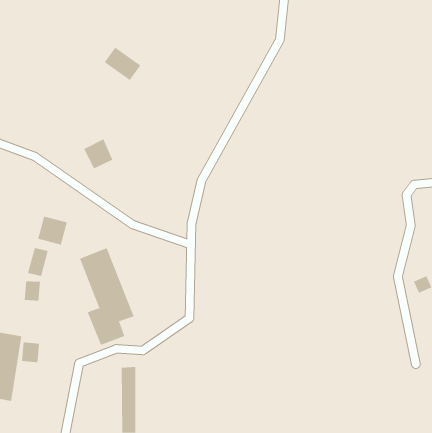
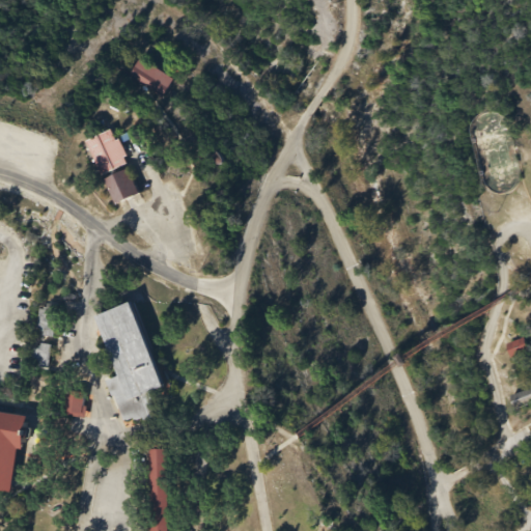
building: none -> [84,130,127,175]
building: [38,216,68,245] -> none
building: [21,342,40,363] -> [62,391,85,417]

